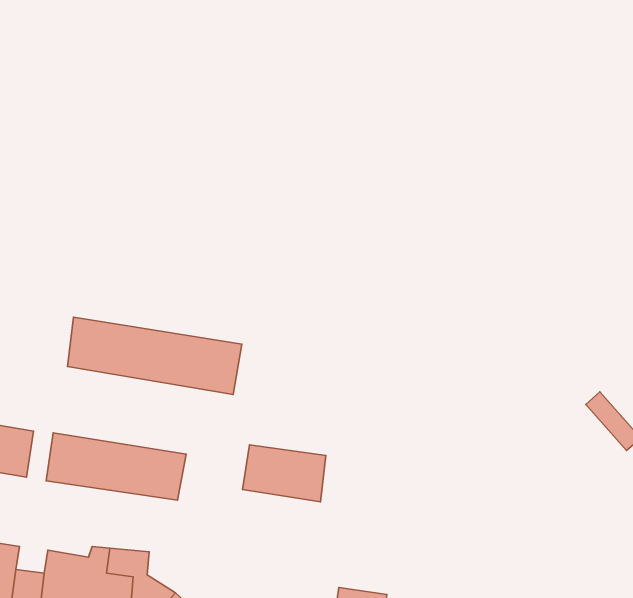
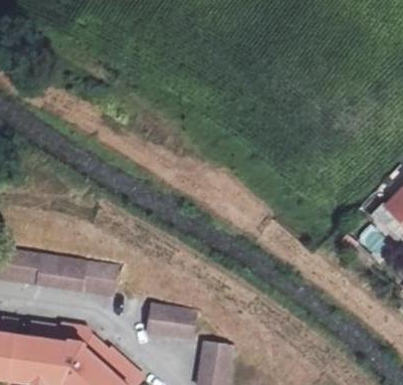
building: [68,317,242,395] -> none
building: [242,445,326,502] -> [147,306,194,338]

